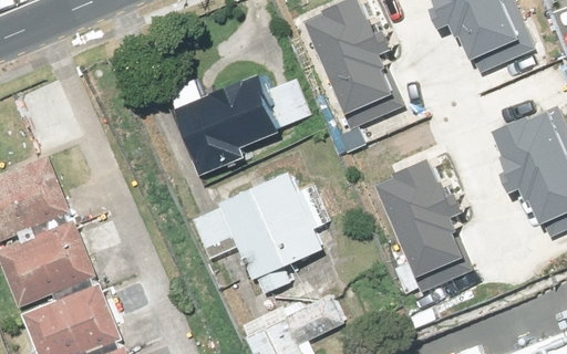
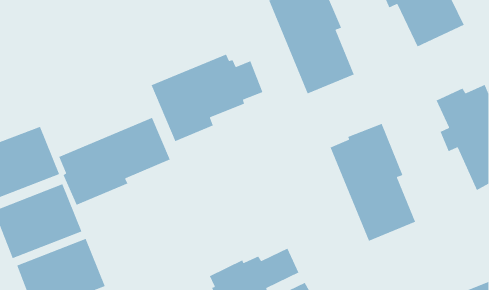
building: none -> [58,117,171,206]
building: [189,175,326,295] -> none

